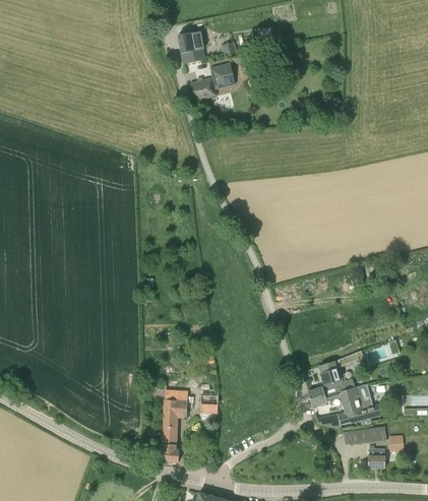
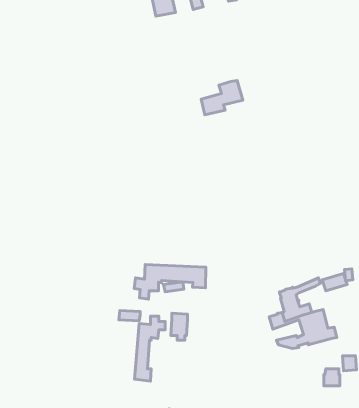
building: [190,63,236,101] -> [201,81,243,115]
building: none -> [134,265,206,299]
building: [350,426,386,445] -> none

